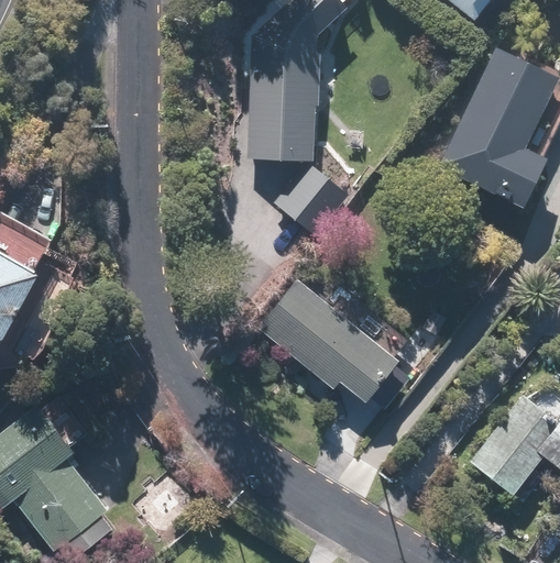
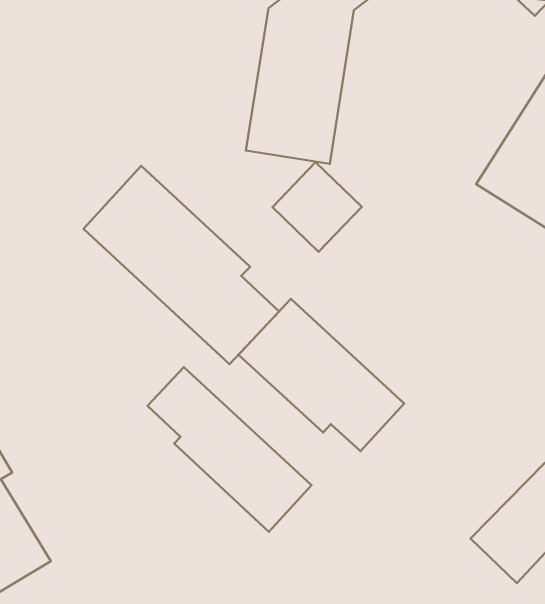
building: none -> [83,166,279,364]
building: none -> [147,367,312,532]

